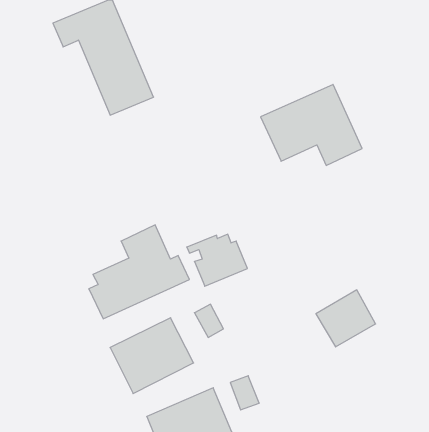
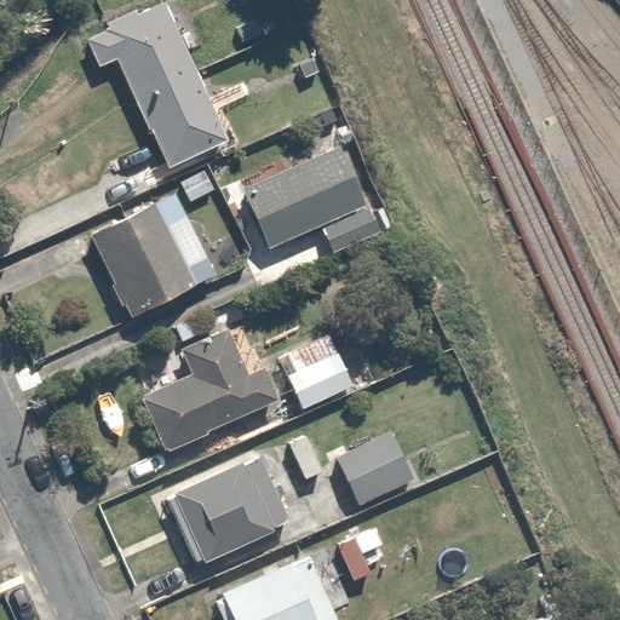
building: [261,84,362,165] -> [240,148,384,263]
building: none -> [84,188,206,320]
building: [316,290,376,347] -> [333,427,418,509]

